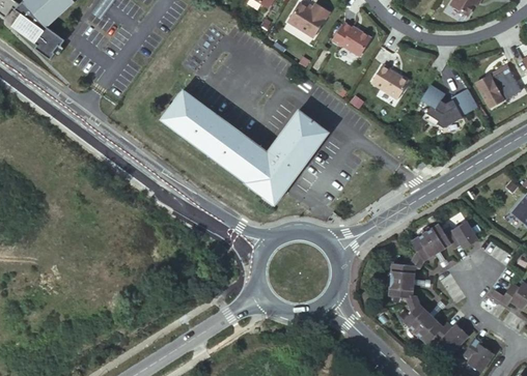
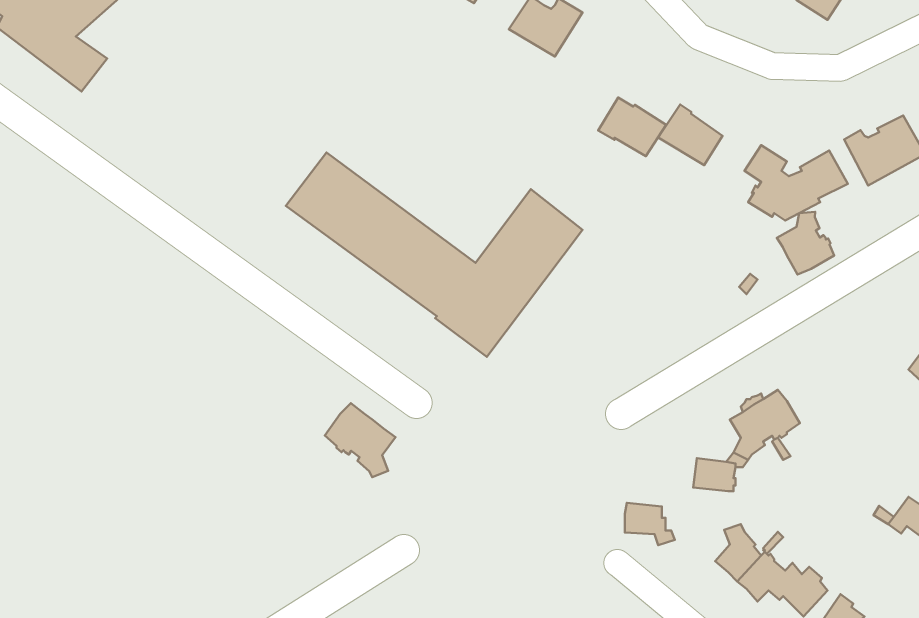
building: [332,22,370,55] -> [598,97,666,156]
building: none -> [777,212,834,275]
building: [444,221,477,249] -> none
building: none -> [325,403,396,477]
building: [390,279,418,302] -> [625,503,675,545]

